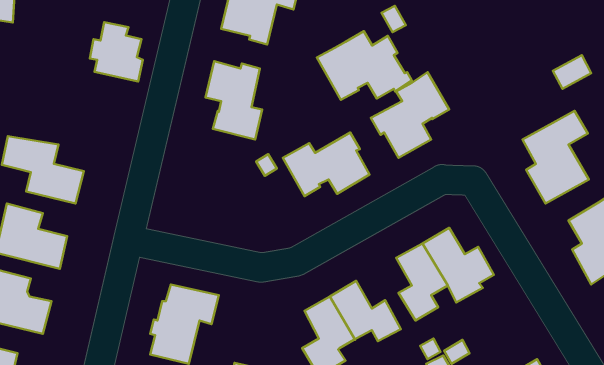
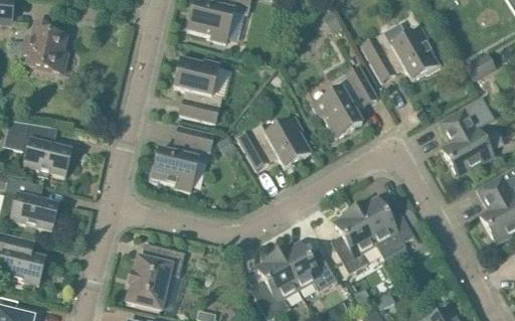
building: [90,22,143,81] -> [23,23,67,72]
building: [317,31,412,100] -> [361,24,441,82]
building: none -> [150,126,214,191]

